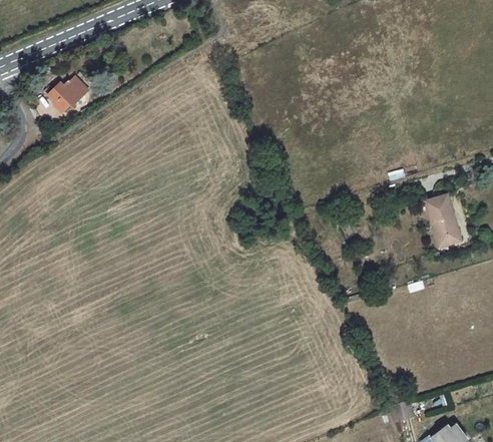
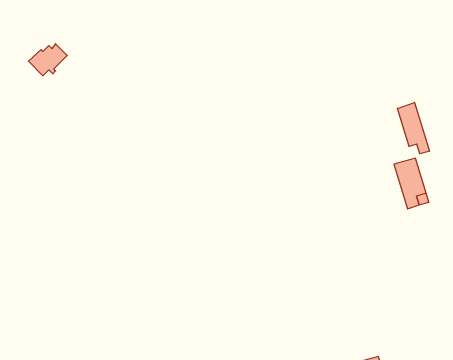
building: none -> [397,102,429,154]

